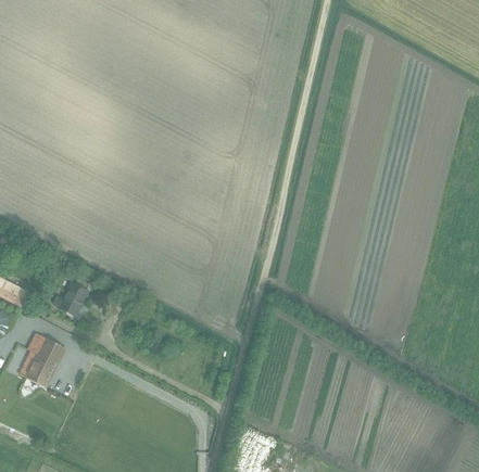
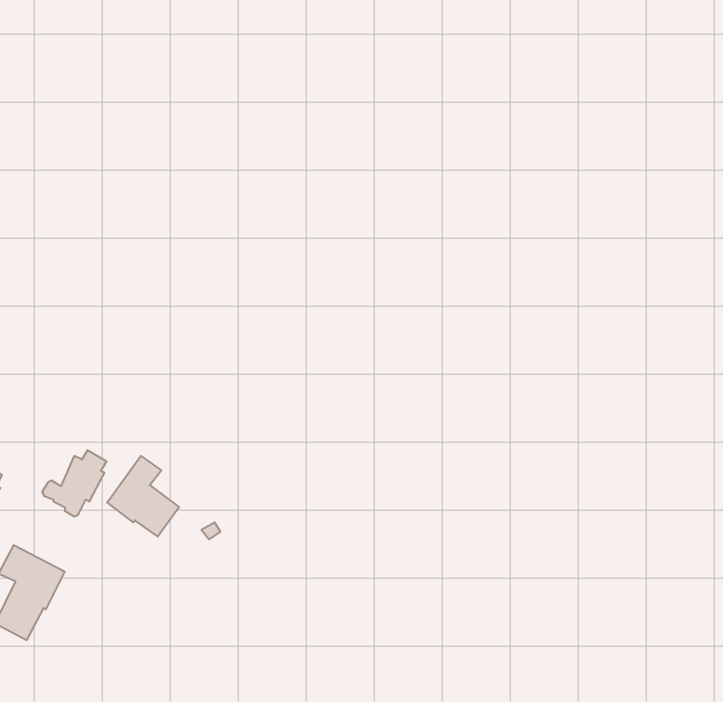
building: none -> [107,456,179,537]

